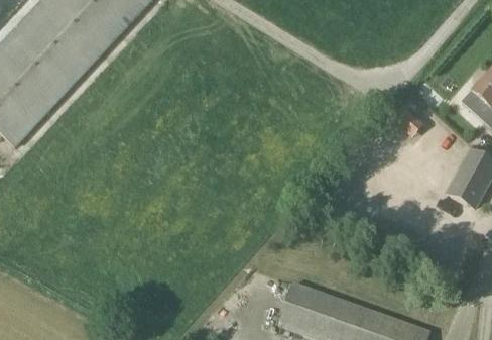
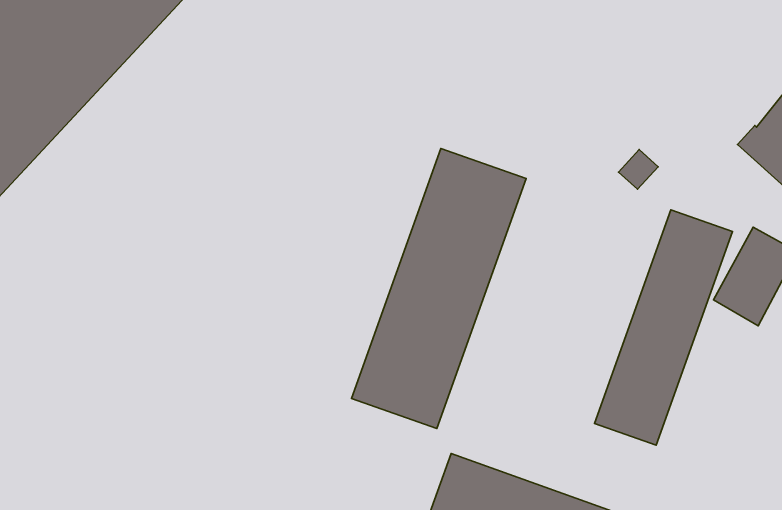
building: none -> [352,148,526,428]
building: none -> [594,210,733,445]

